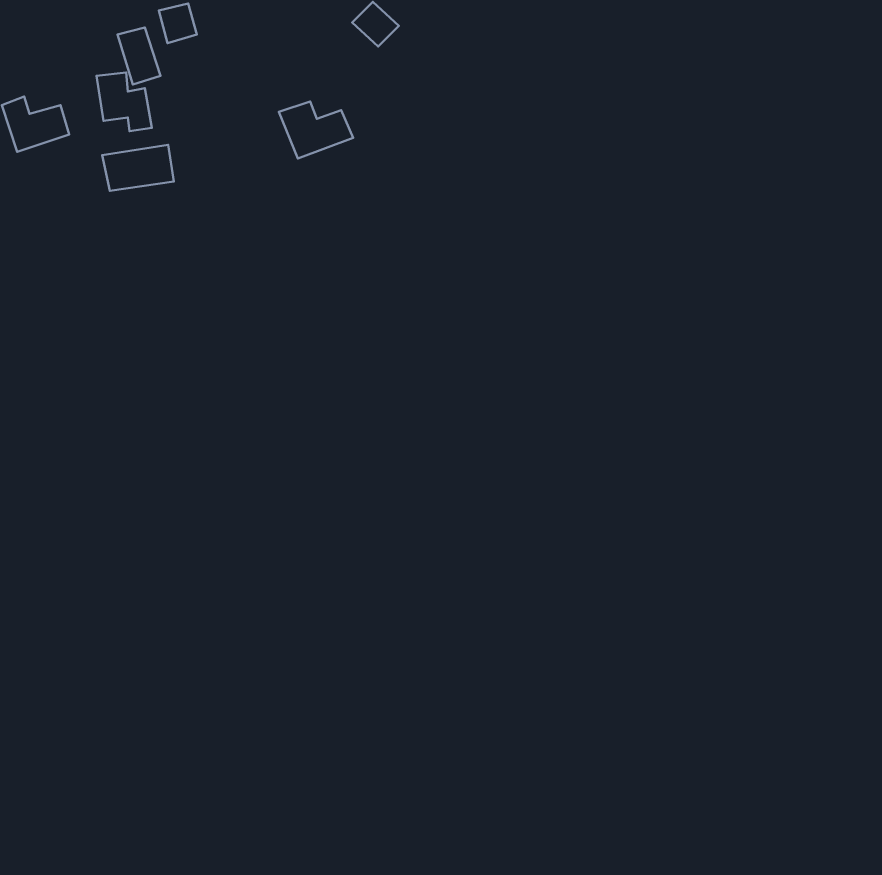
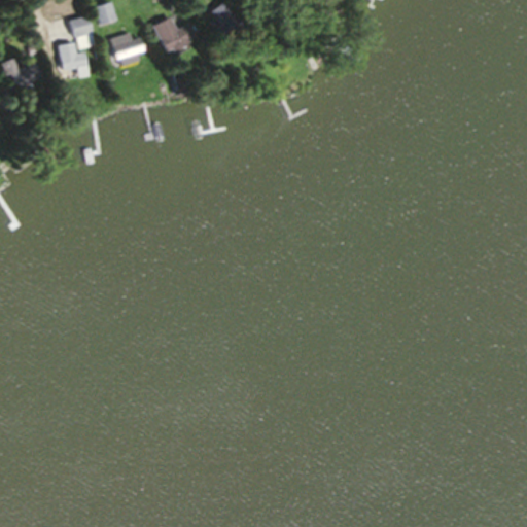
building: none -> [110,33,147,65]
building: [279,101,353,158] -> [152,19,197,52]
building: [102,145,174,191] -> none

